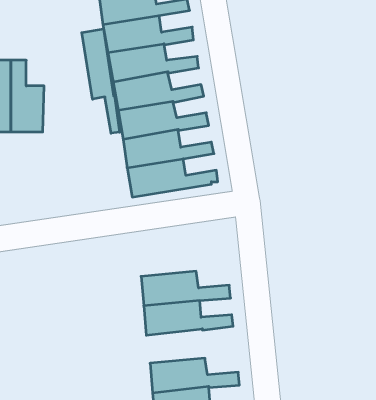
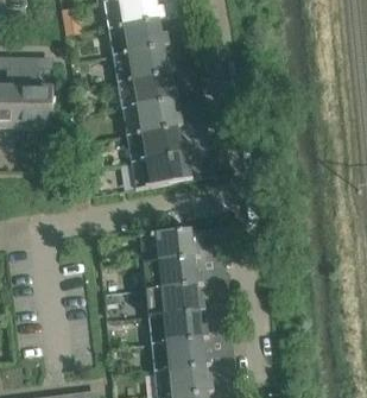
building: [82,29,120,133] -> none
building: none -> [139,229,222,261]
building: none -> [147,310,230,342]

